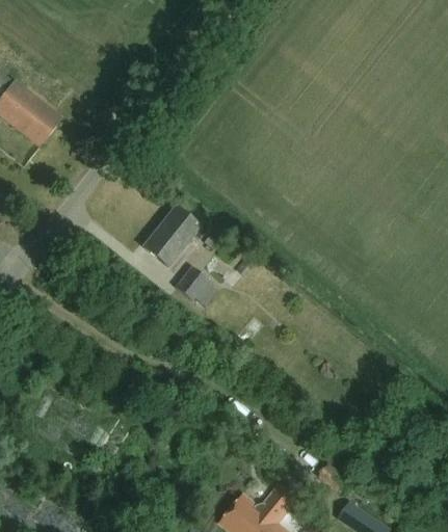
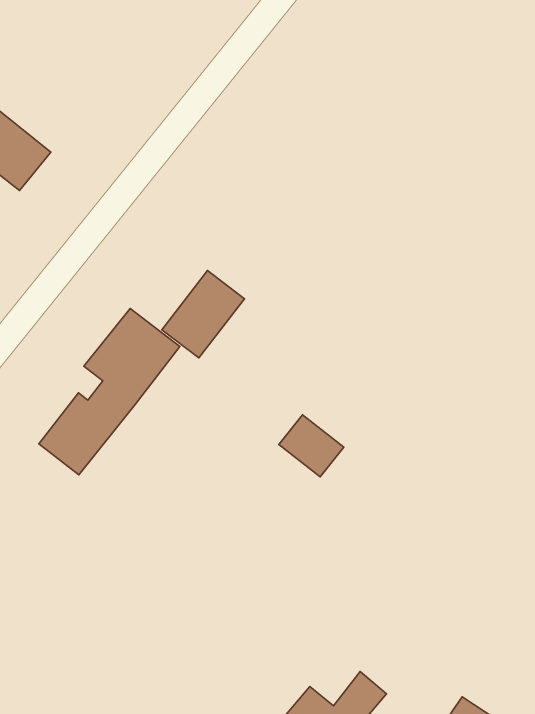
building: none -> [39,308,180,475]
building: [175,265,220,309] -> [279,415,344,477]

